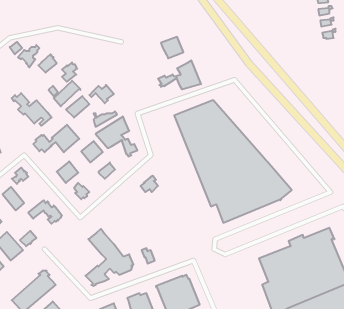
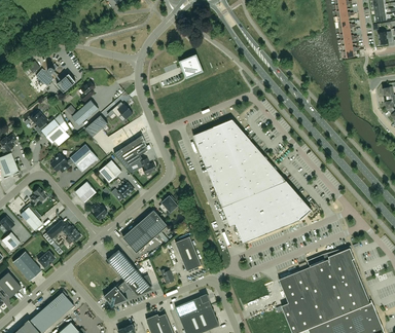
building: [158,60,201,89] -> none
building: none -> [122,210,168,253]
building: none -> [175,236,202,271]

